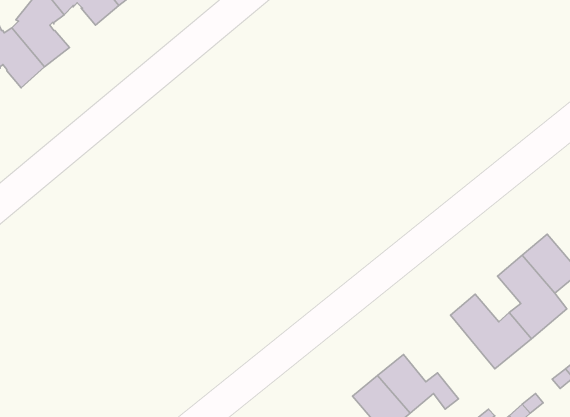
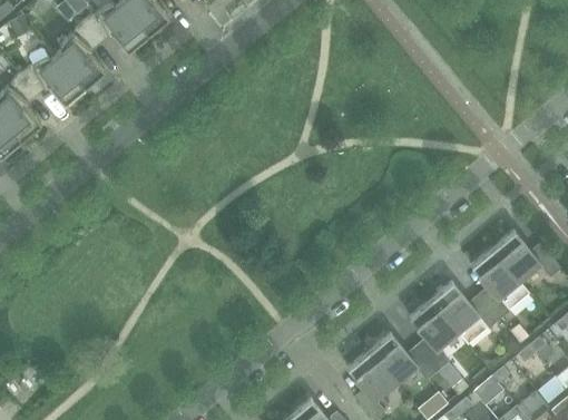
building: none -> [409,300,457,371]

